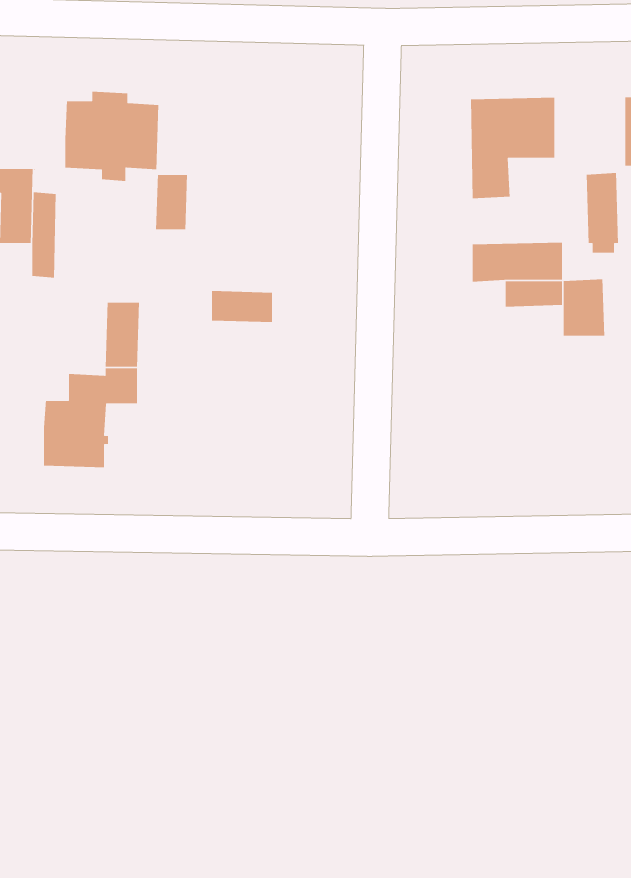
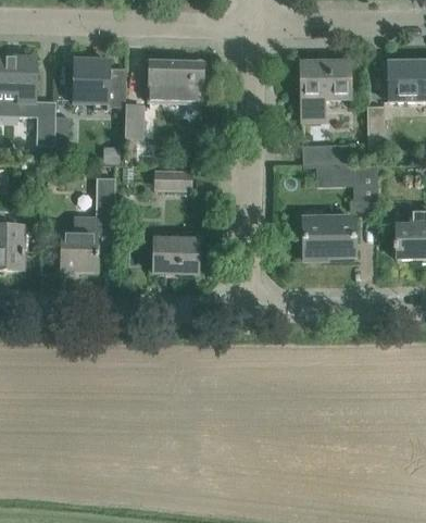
building: none -> [149,61,202,102]
building: none -> [303,217,354,259]
building: none -> [153,237,198,273]

